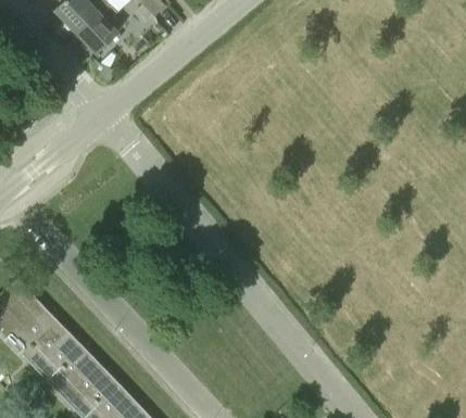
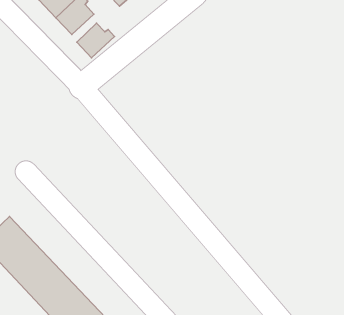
building: none -> [77,23,114,58]

